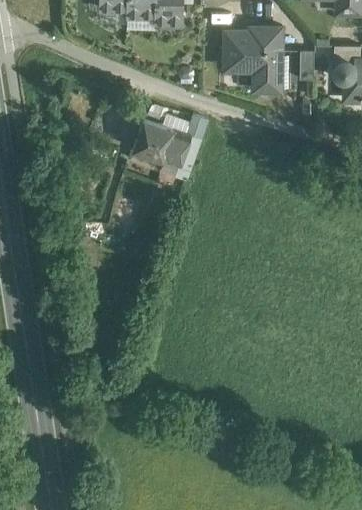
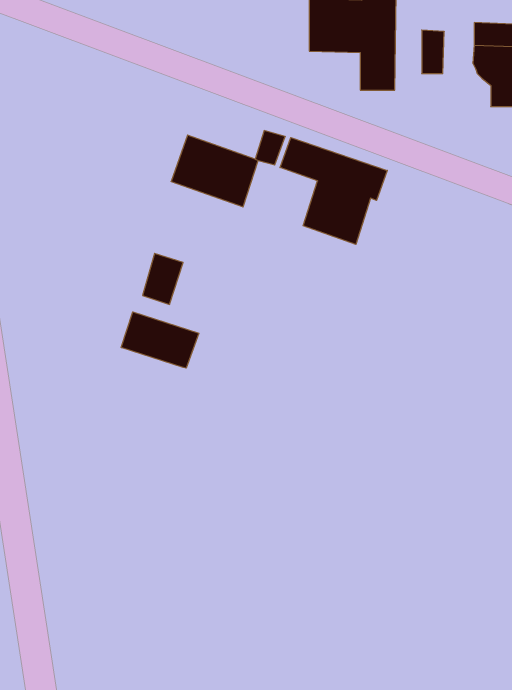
building: none -> [280,138,387,244]
building: none -> [121,312,199,368]

